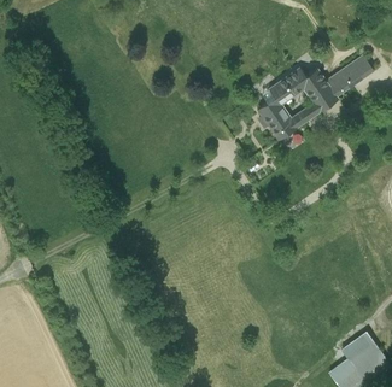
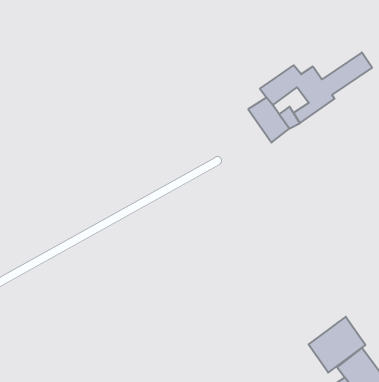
building: none -> [309,317,365,373]

